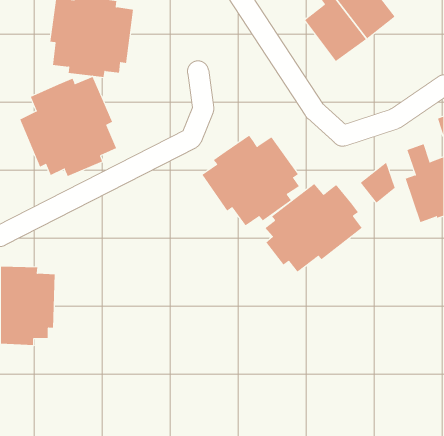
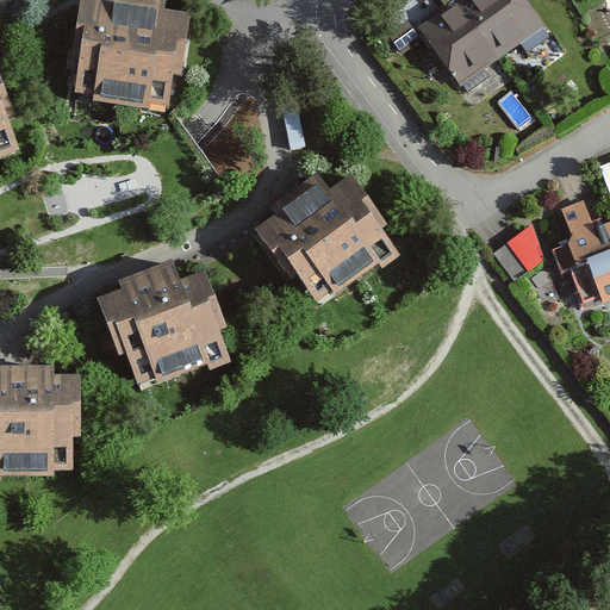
building: [20,76,117,177] -> none
building: [265,183,363,272] -> none
building: none -> [93,259,224,380]

